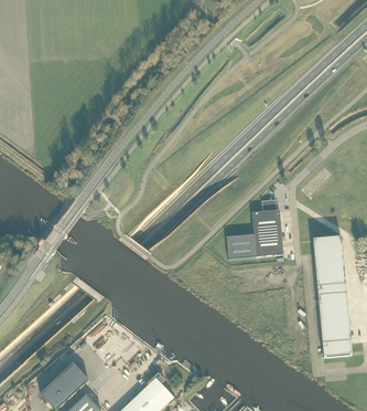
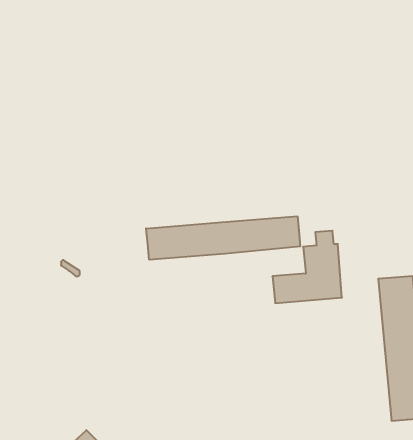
building: none -> [146,216,300,260]

